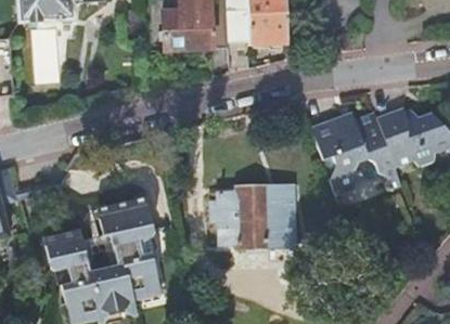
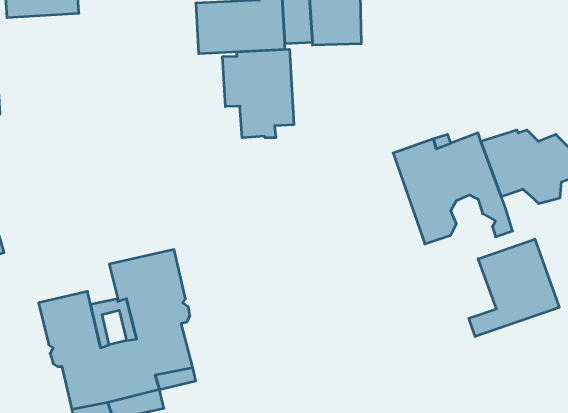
building: none -> [223,49,294,138]
building: none -> [469,239,559,337]
building: [209,190,295,245] -> none

